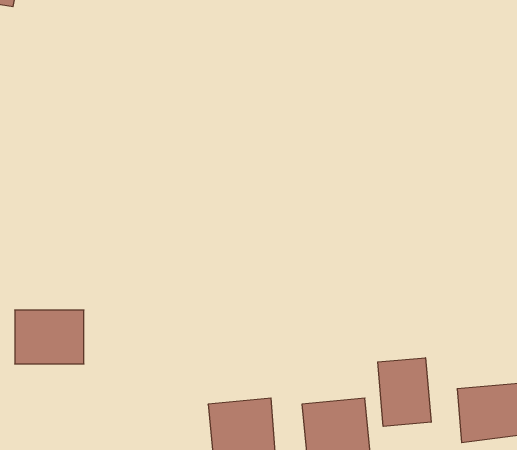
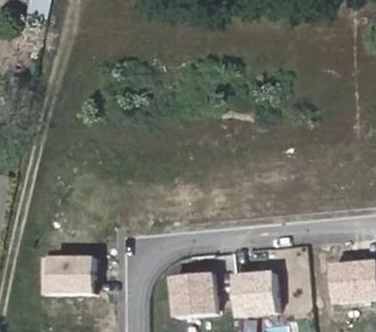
building: [15,310,84,364] -> [50,259,95,294]
building: [378,358,431,426] -> none

